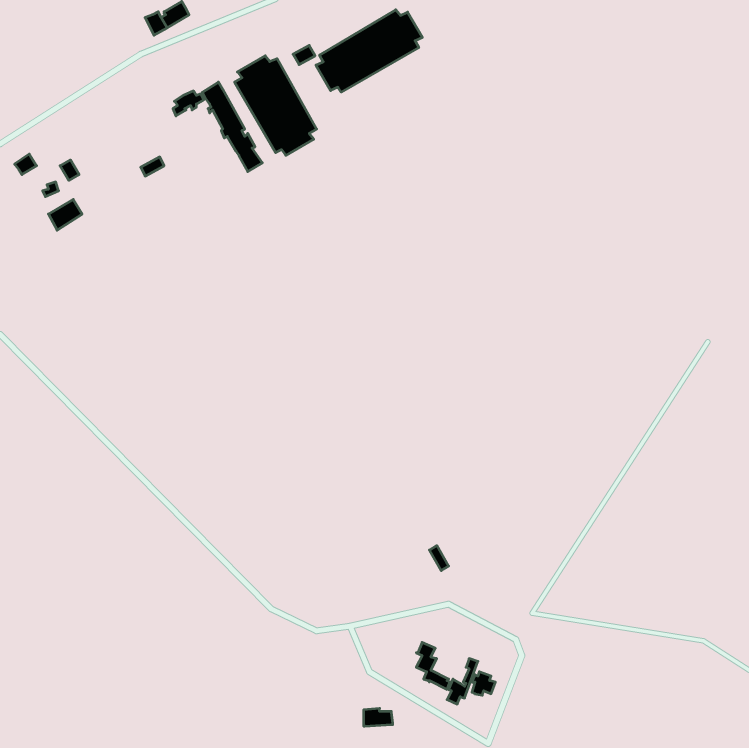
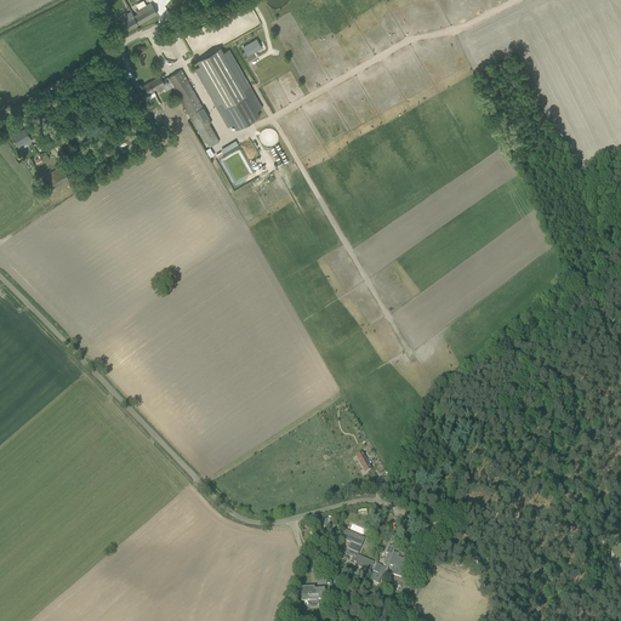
building: [316,10,422,92] -> none

